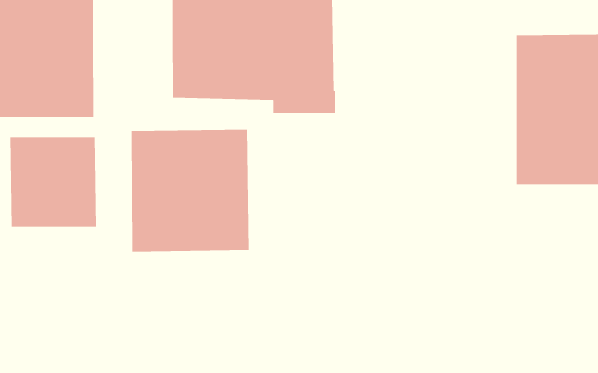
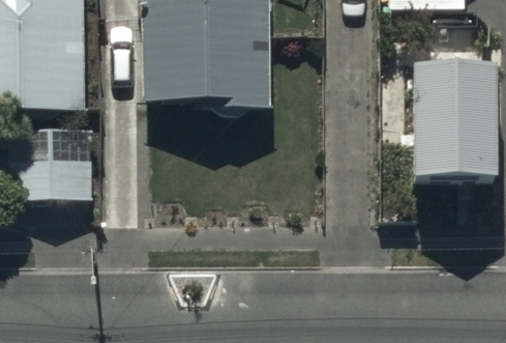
building: [131,129,250,252] -> none

